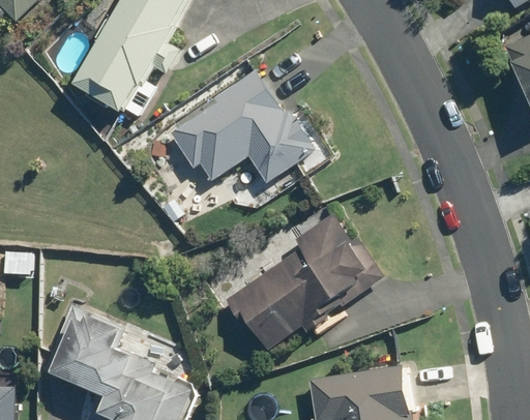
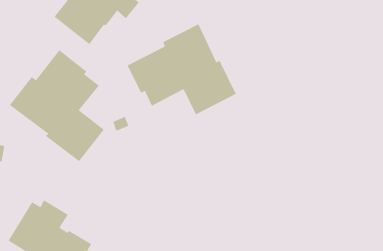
building: none -> [9,49,105,162]
building: [224,214,384,352] -> none

